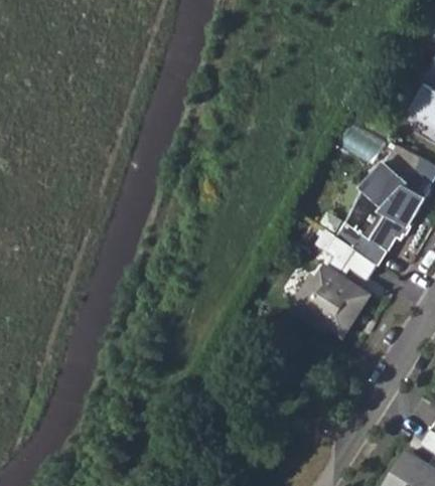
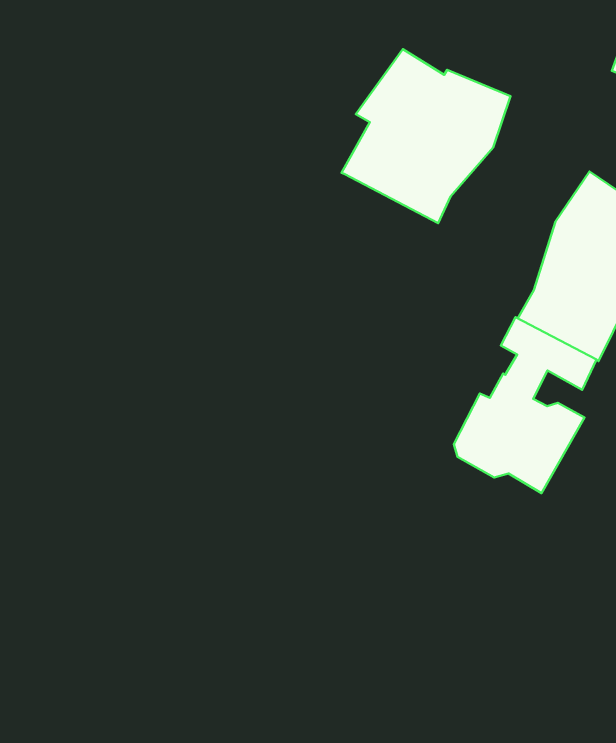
building: none -> [341,49,510,223]

